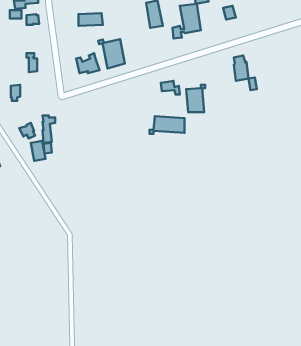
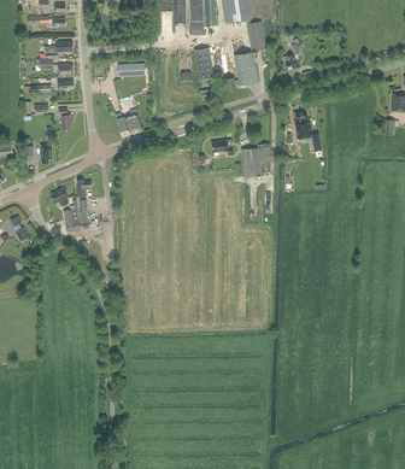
building: [98,39,125,69] -> none
building: [150,116,185,134] -> none

